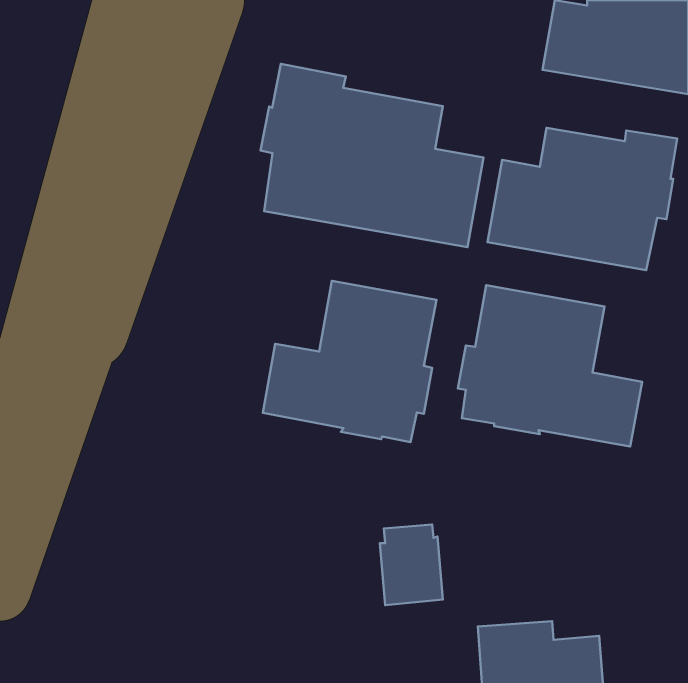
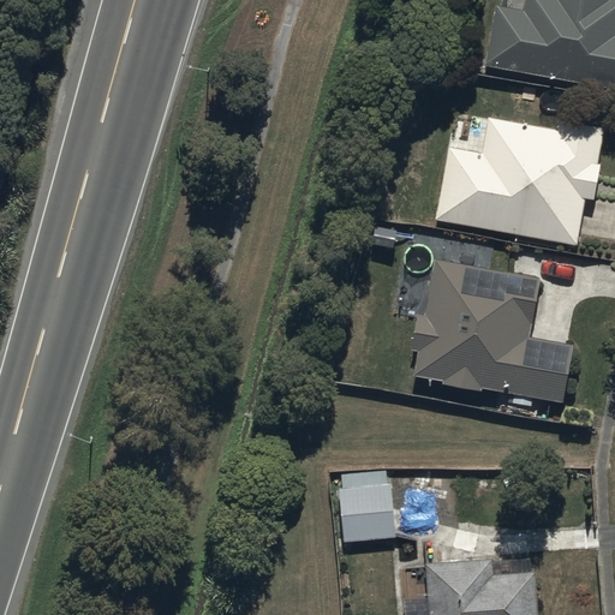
building: [261,64,483,247] -> none
building: [263,281,436,442] -> none

